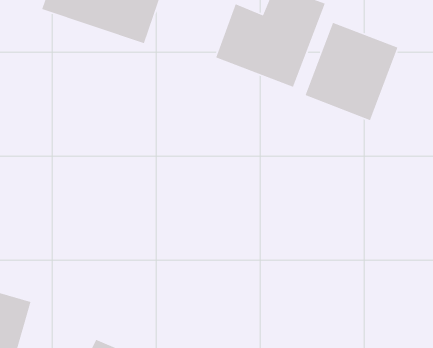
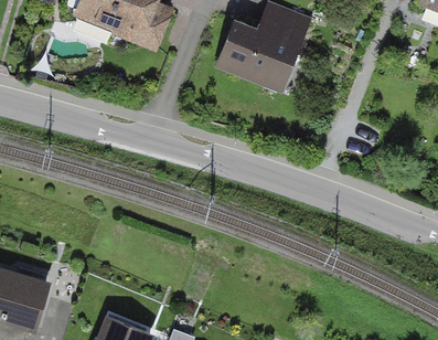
building: [305,22,399,121] -> none

